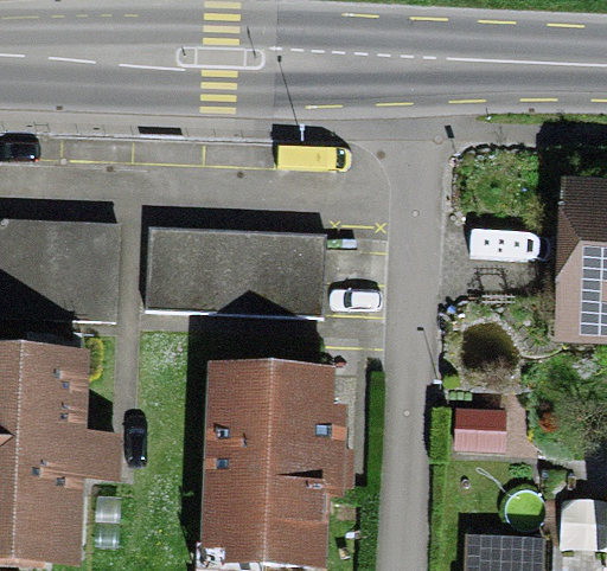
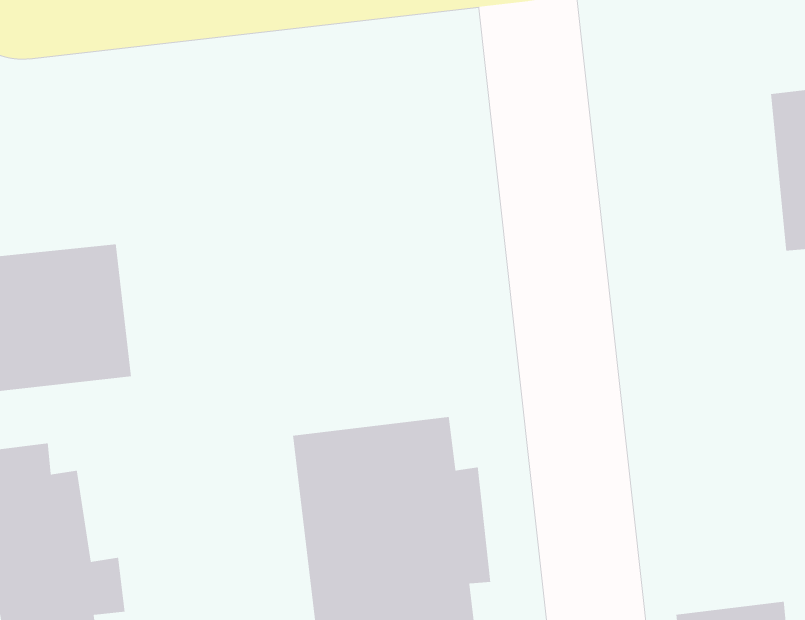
building: [146,225,326,317] -> none

